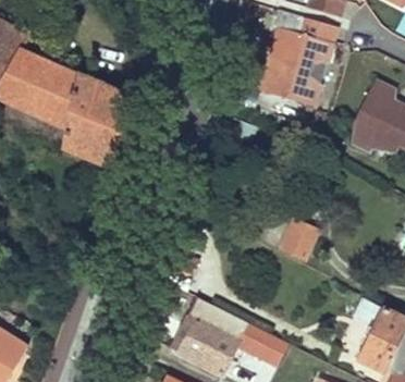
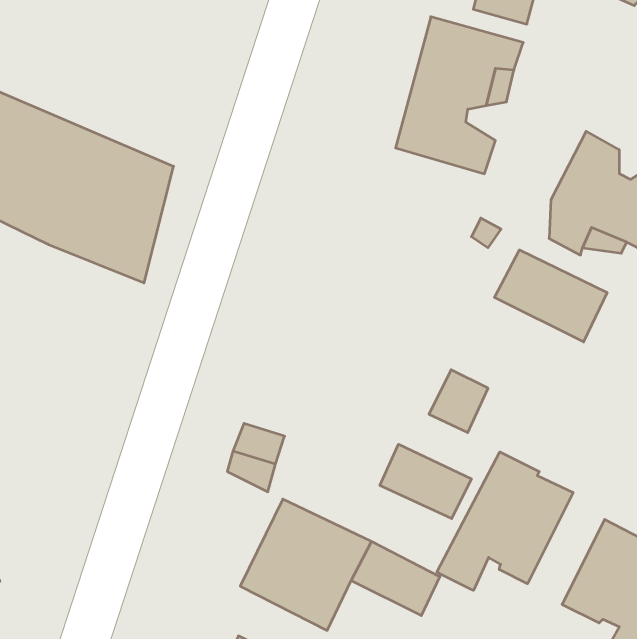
building: none -> [494,250,607,342]
building: none -> [380,444,471,519]
building: none -> [437,452,573,590]

